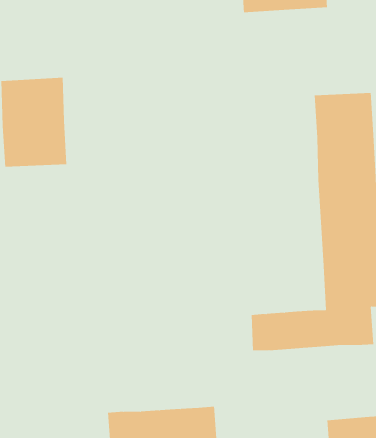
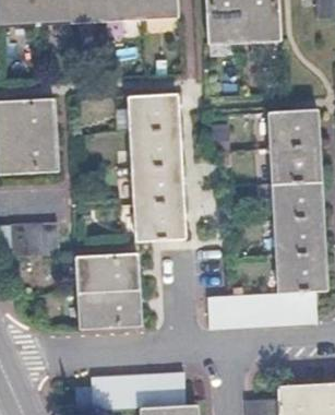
building: none -> [130,95,186,241]
building: none -> [13,224,58,259]
building: none -> [79,252,142,329]

